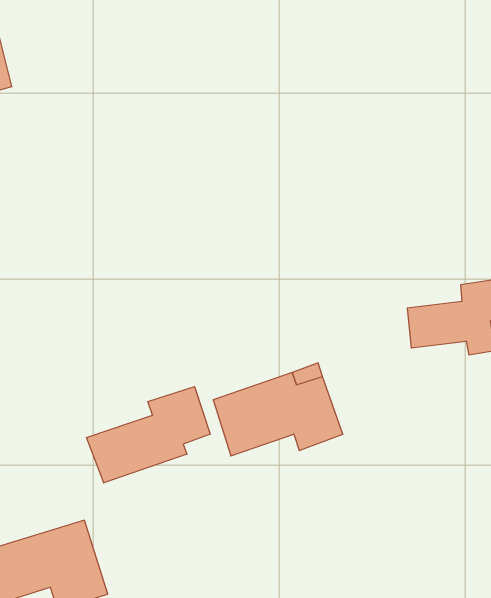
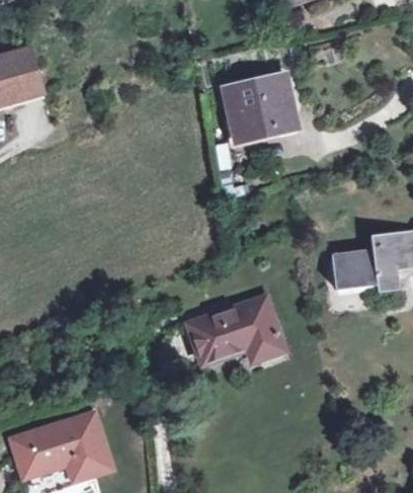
building: none -> [225,75,296,139]
building: [86,387,210,483] -> none

